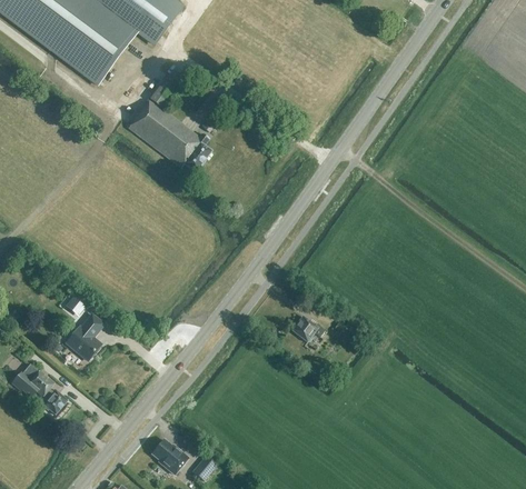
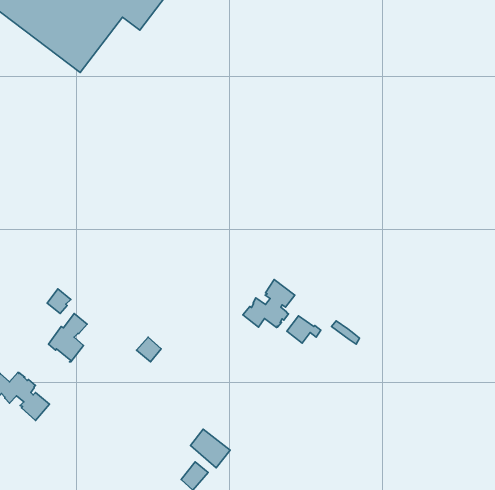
building: [128,72,211,171] -> none
building: none -> [243,280,295,327]
building: [151,436,189,472] -> [190,429,230,468]

